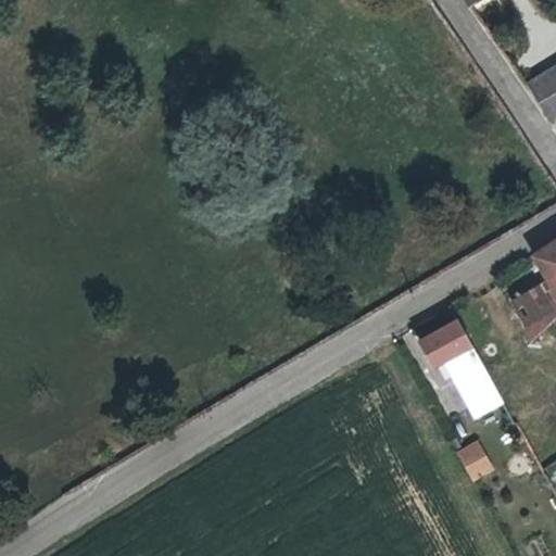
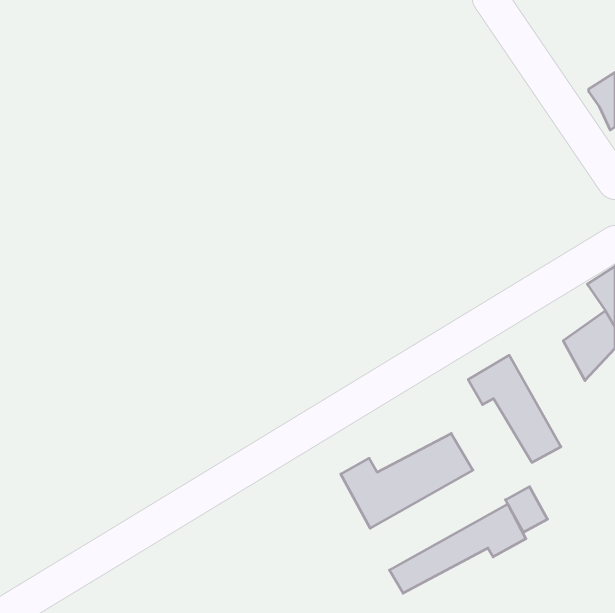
building: none -> [341,433,473,528]
building: none -> [389,504,526,593]

